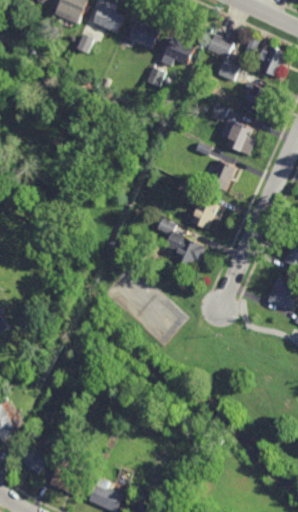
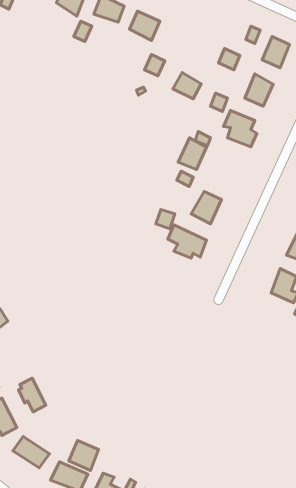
building: [206,32,233,57] -> none
building: [166,38,194,64] -> [173,73,201,99]
building: [208,159,236,190] -> [178,138,207,169]
building: none -> [19,378,46,412]
building: none -> [69,441,98,471]

